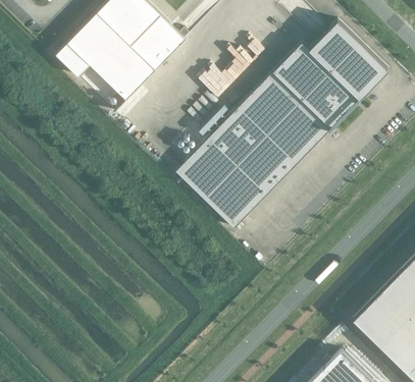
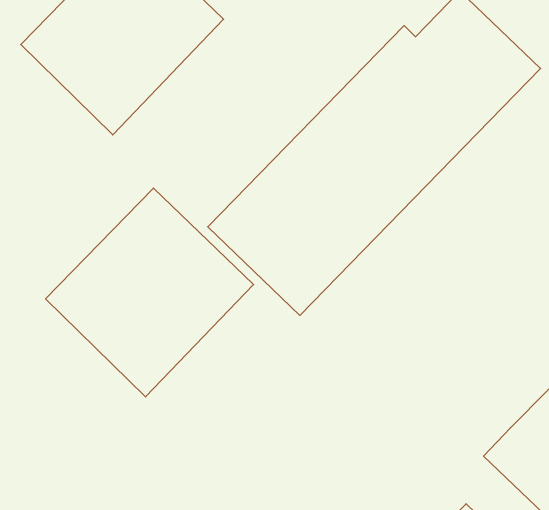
building: none -> [46,188,254,397]

